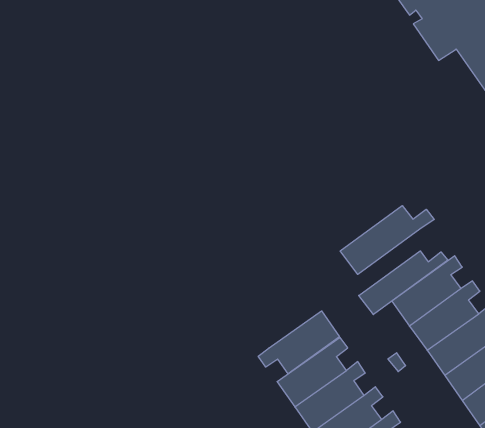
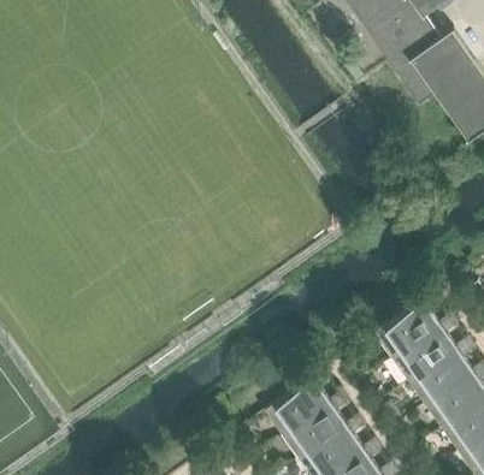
building: [340,206,434,274] -> none
building: [359,251,448,315] -> none
building: [258,311,339,374] -> none

